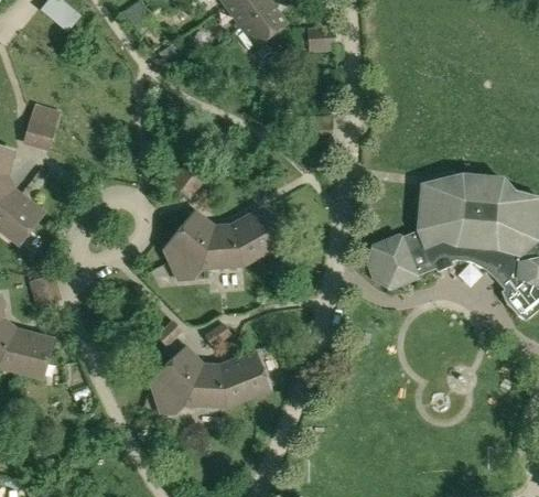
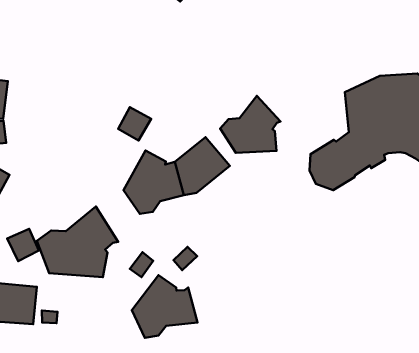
building: none -> [220,96,281,153]
building: none -> [37,206,118,277]
building: [216,352,269,406] -> none

